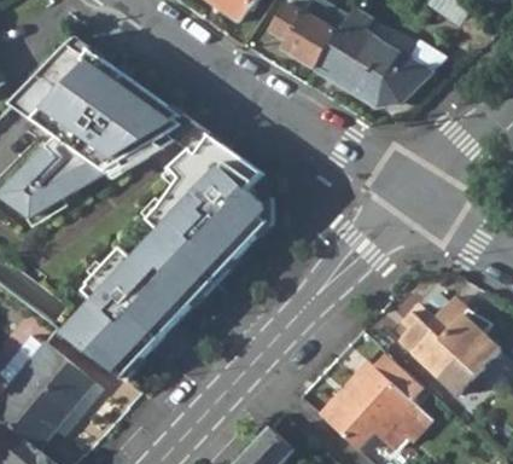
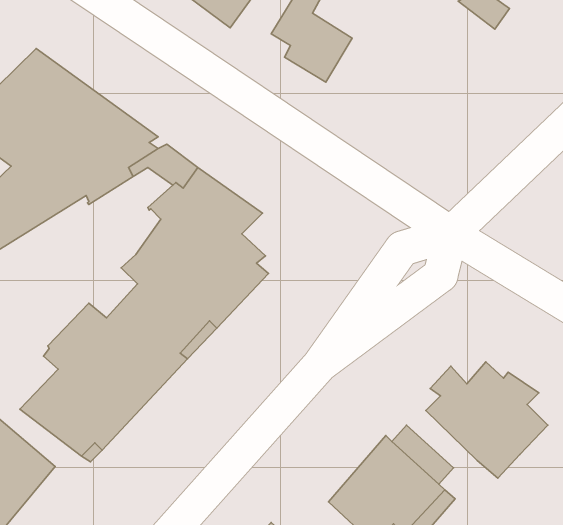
building: [315,7,444,108] -> none

